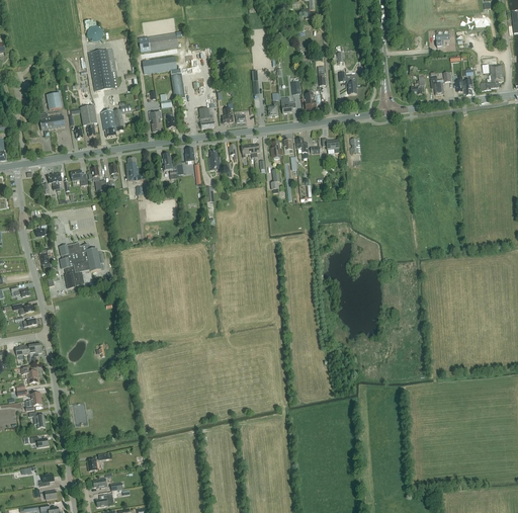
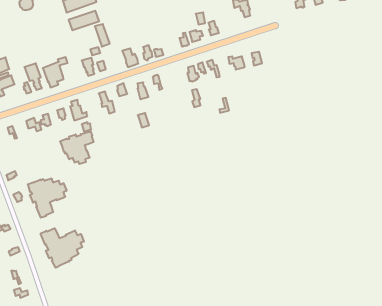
building: [88,49,118,90] -> none
building: none -> [60,131,94,164]
building: none -> [41,228,84,268]

